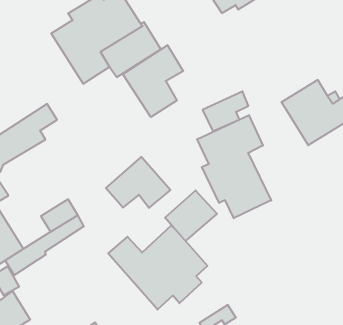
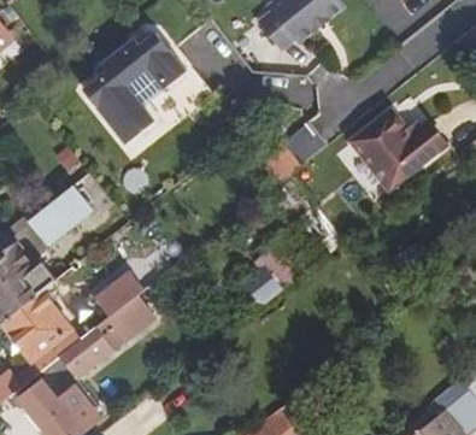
building: [123,45,183,117] -> none
building: [197,115,271,218] -> none
building: [106,157,170,208] -> none
building: [108,225,207,310] -> none

